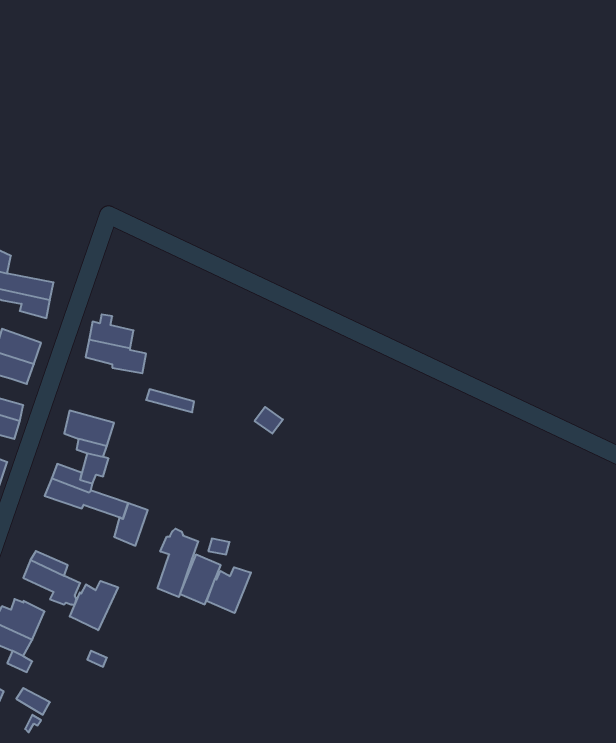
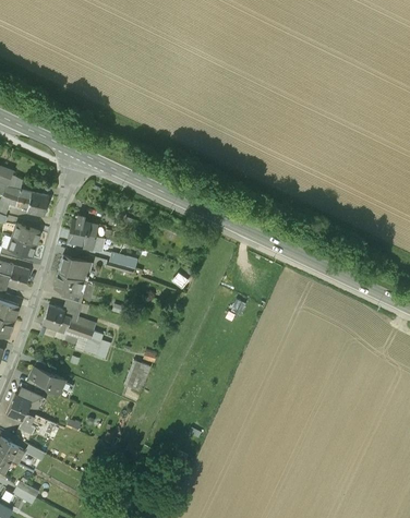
building: none -> [58,256,94,282]
building: [158,529,198,597] -> none
building: [207,567,251,613] -> none
building: [70,581,118,630] -> none

